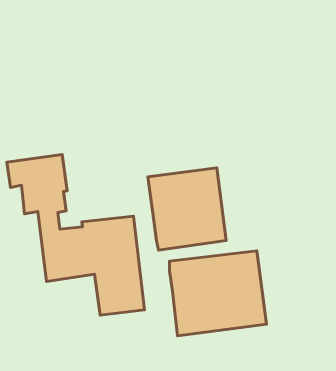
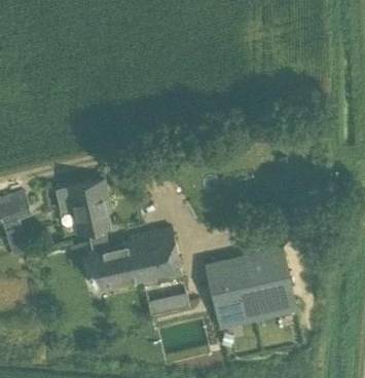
building: [148,168,226,250] -> none

